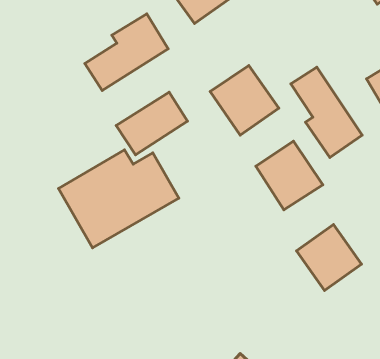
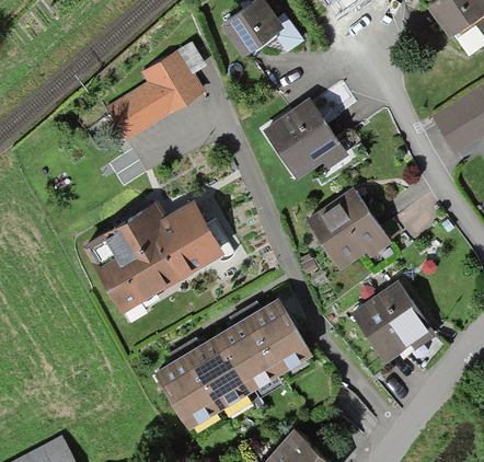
building: [291,67,362,158] -> none
building: [116,92,188,155] -> none
building: none -> [155,296,312,426]

